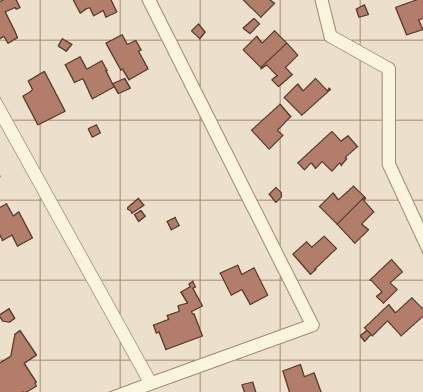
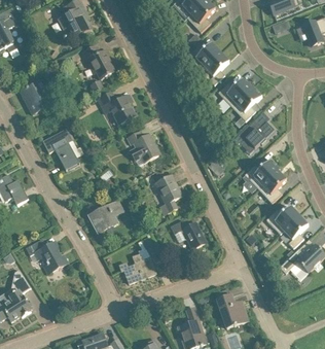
building: [65,57,114,99] -> [98,93,135,125]
building: [252,104,291,149] -> [231,86,261,120]
building: none -> [42,128,78,168]
building: none -> [127,131,158,165]
building: none -> [154,175,182,211]
building: [293,236,336,274] -> [266,206,299,235]
building: none -> [88,200,122,233]
building: none -> [26,238,68,274]

